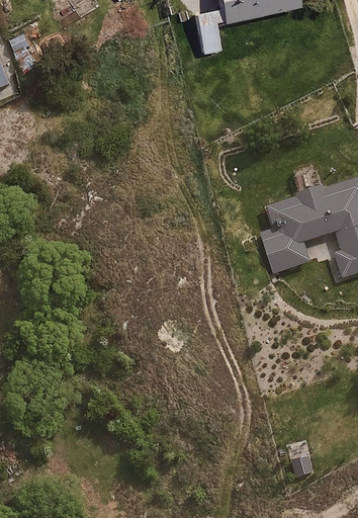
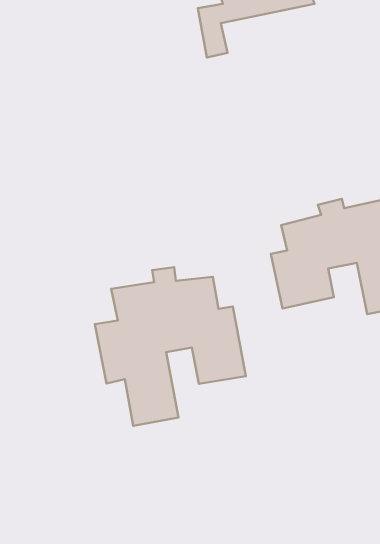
building: none -> [95,267,246,426]

